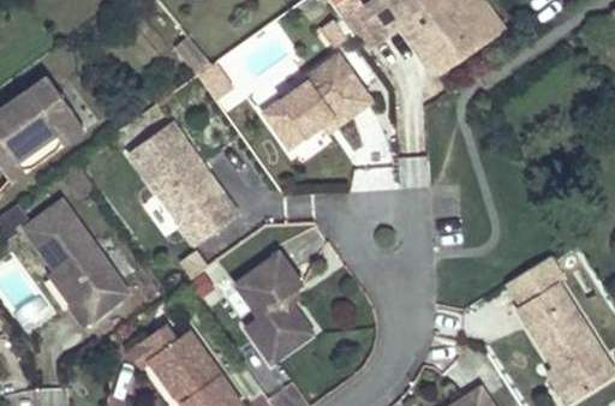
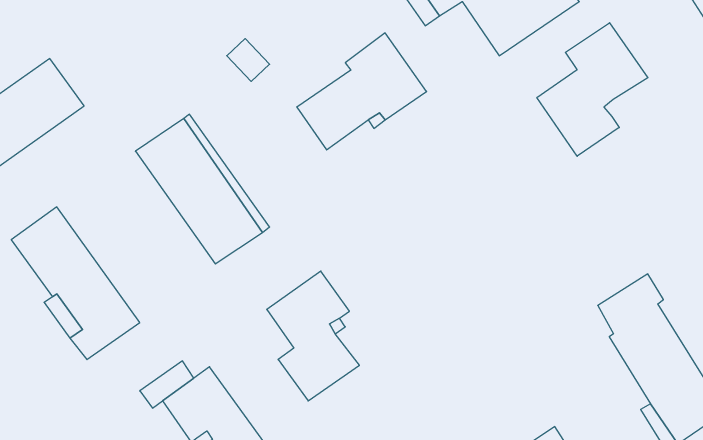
building: none -> [537,23,648,156]

